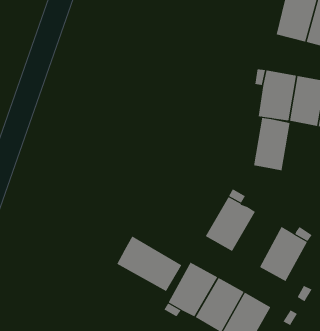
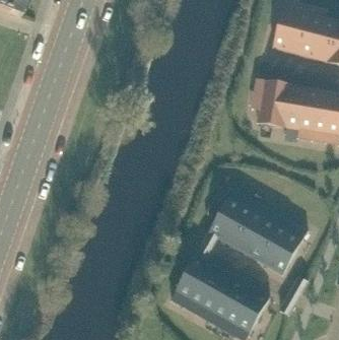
building: [253,117,290,171] -> none
building: none -> [234,209,279,260]
building: [116,235,182,292] -> none

